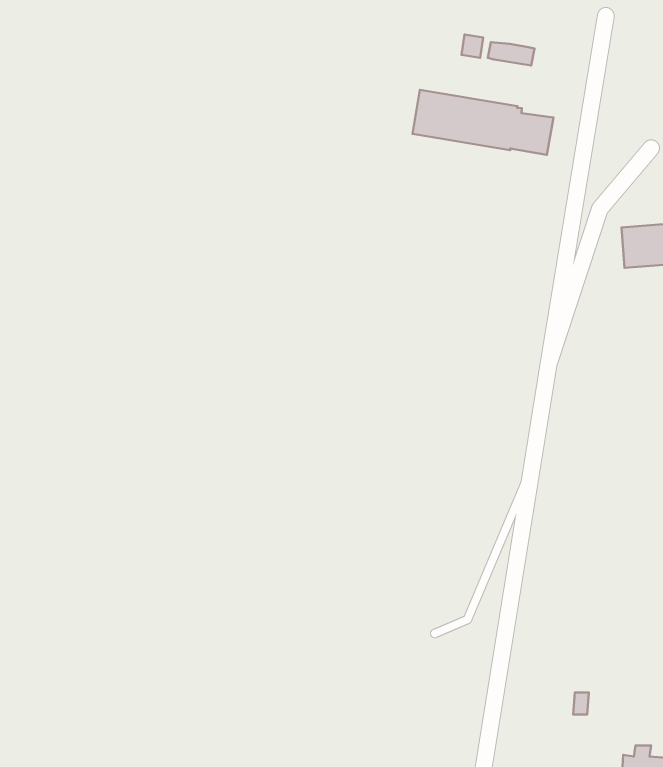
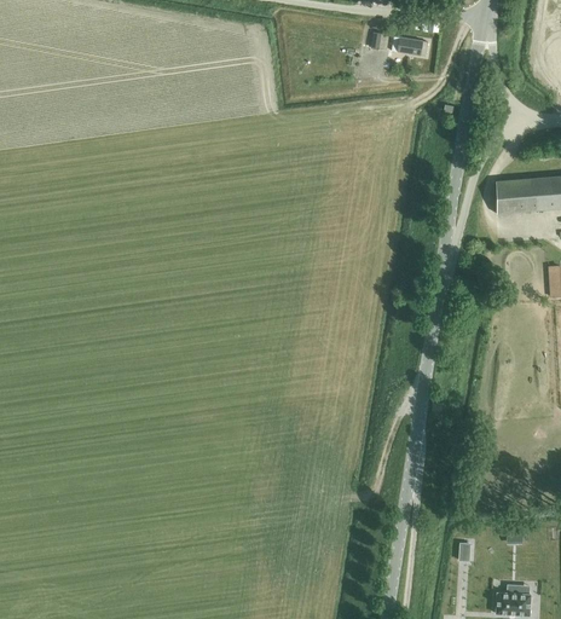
building: [412,90,553,155] -> none

